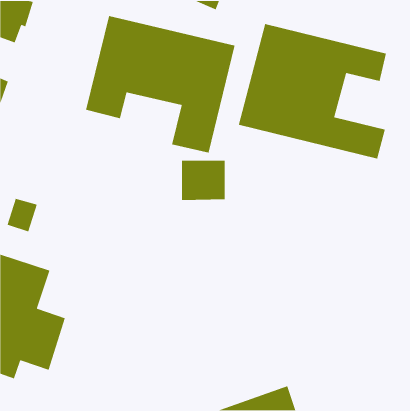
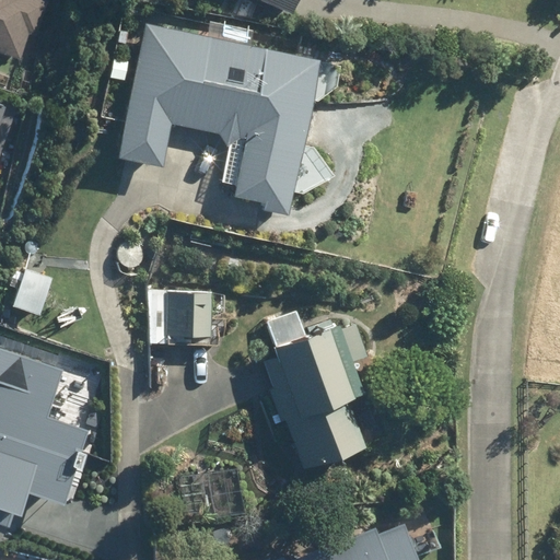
building: [238,23,387,159] -> none
building: [181,160,225,201] -> [150,288,210,343]
building: none -> [265,307,368,469]

